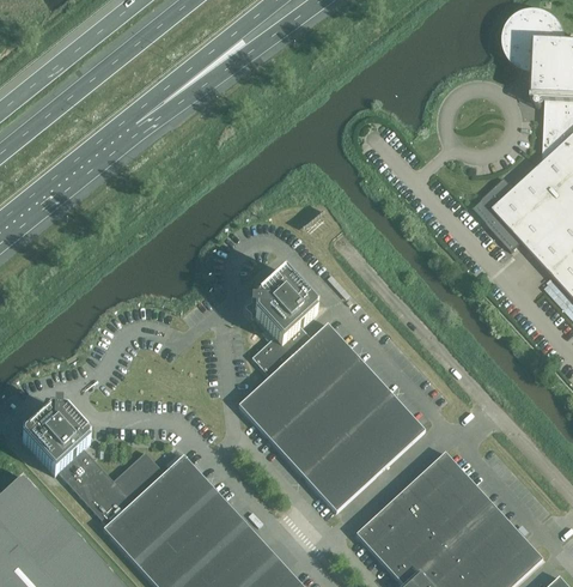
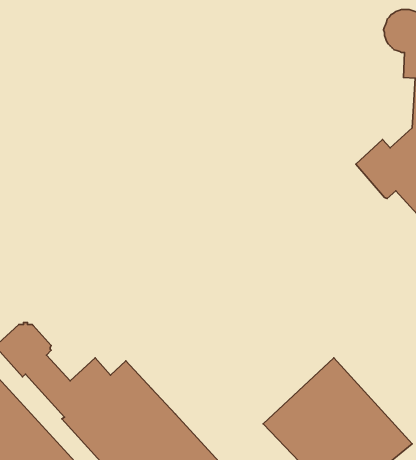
building: [238,272,425,512] -> none

